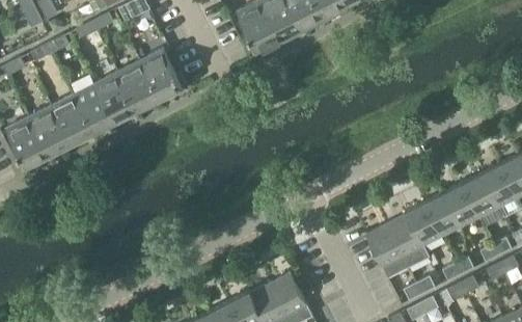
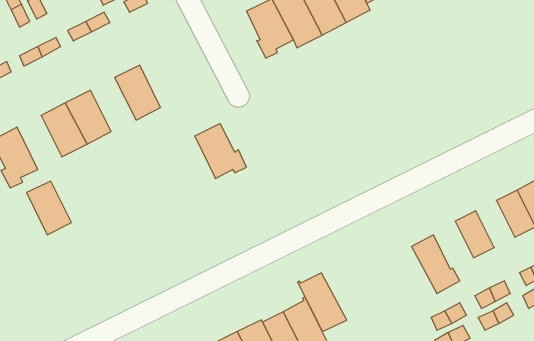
building: [140,49,187,99] -> [195,124,246,179]
building: [95,72,137,120] -> none
building: [29,106,70,155] -> [27,181,71,235]
building: [444,183,479,225] -> none
building: [405,202,442,245] -> none
building: [364,224,409,277] -> [297,273,347,332]

